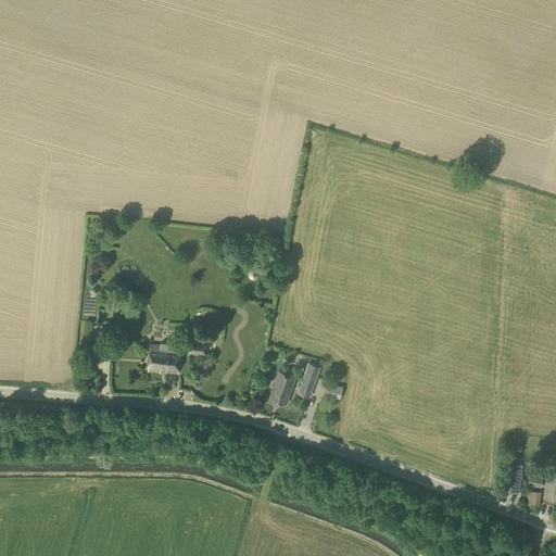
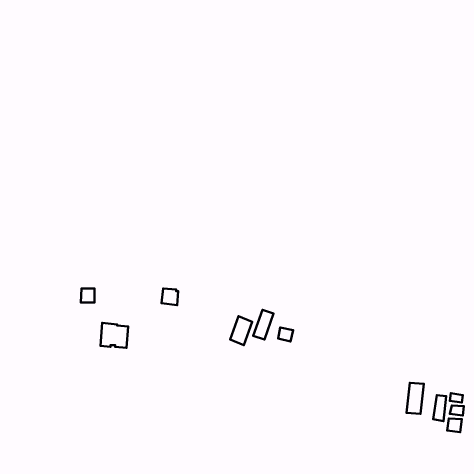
building: [148,344,180,374] -> [100,323,128,348]
building: none -> [406,383,424,414]

